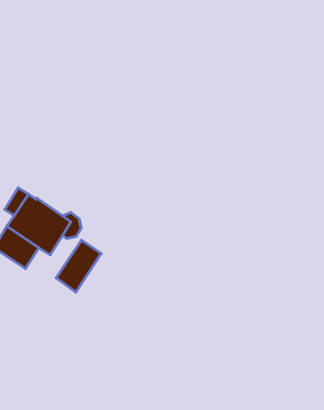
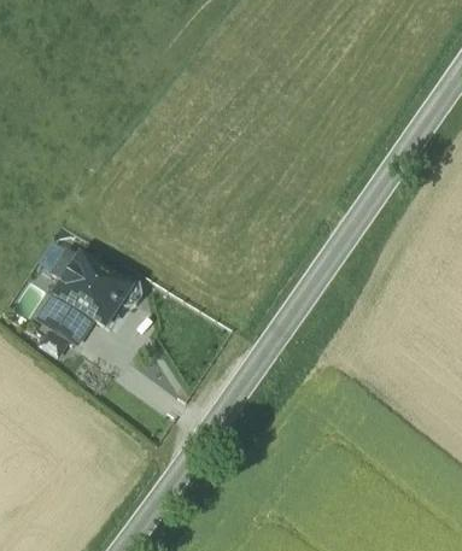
building: [56,240,101,292] -> none

